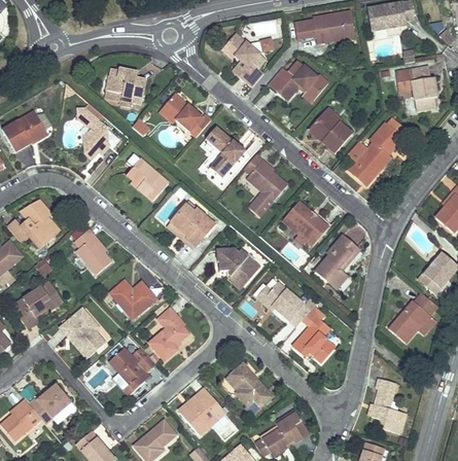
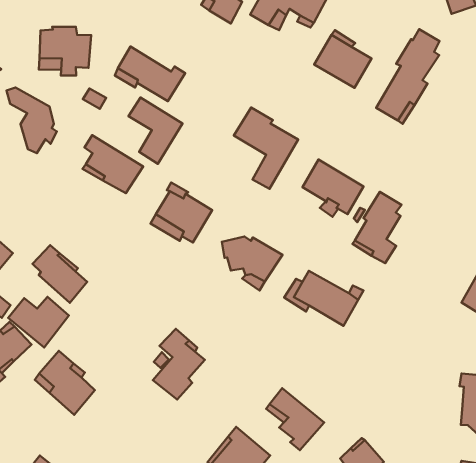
building: [206,126,245,177] -> [129,97,183,164]
building: [110,281,155,320] -> [8,297,69,348]
building: [294,319,333,361] -> none
building: [109,348,155,396] -> none

